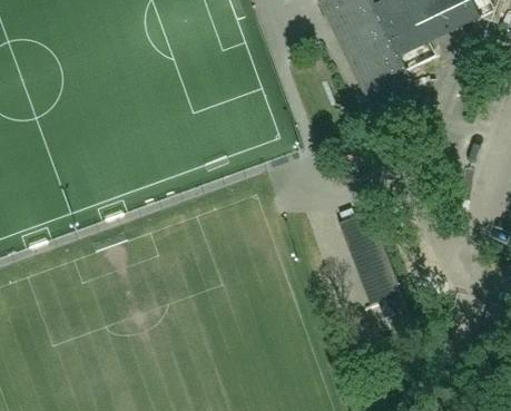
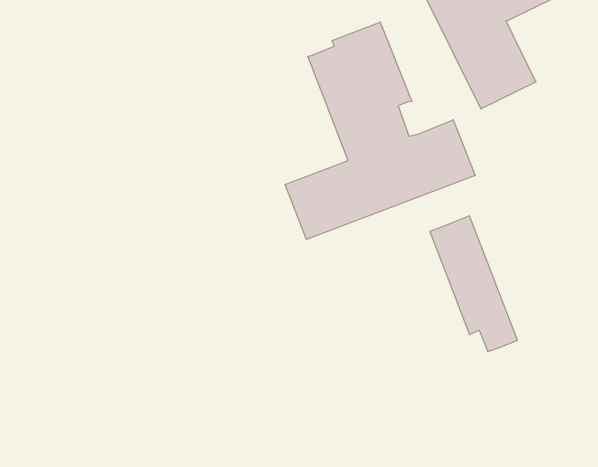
building: none -> [285,22,475,239]

